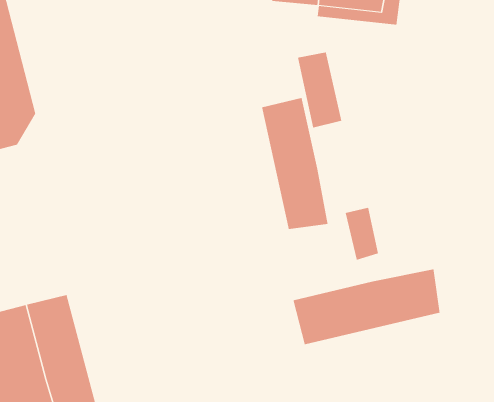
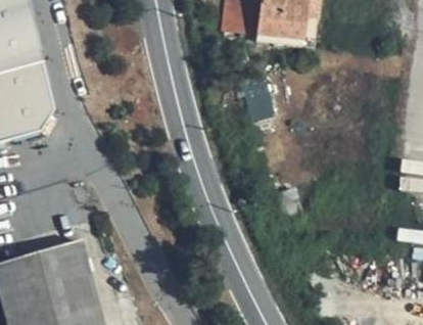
building: [261,97,328,230] -> none
building: [293,268,440,345] -> none

